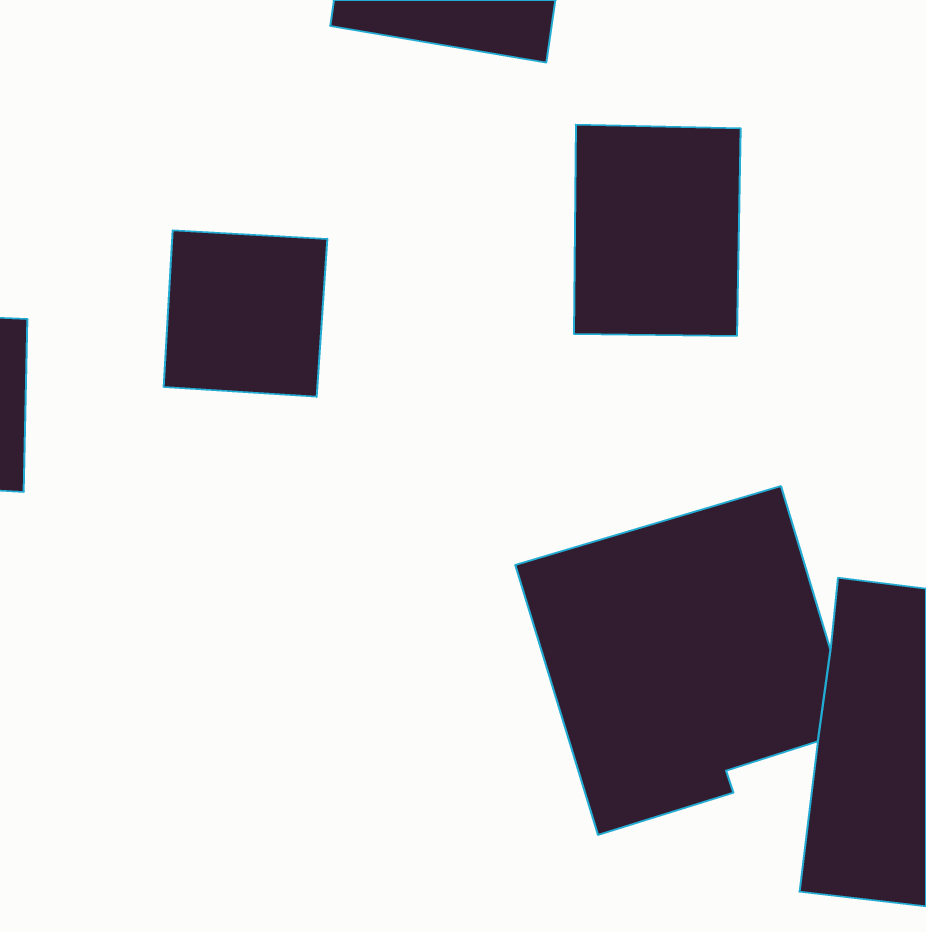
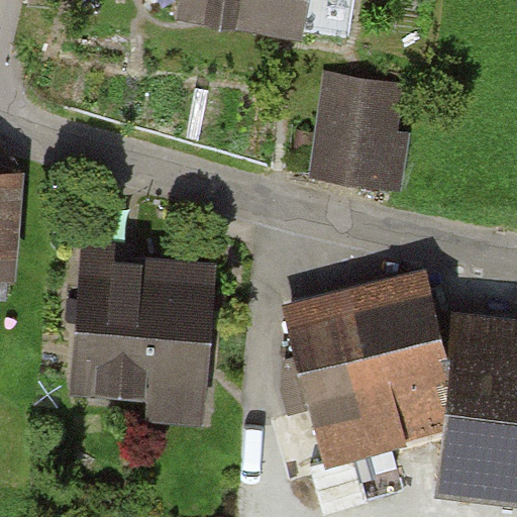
building: [164,230,327,397] -> none
building: none -> [72,247,206,407]

